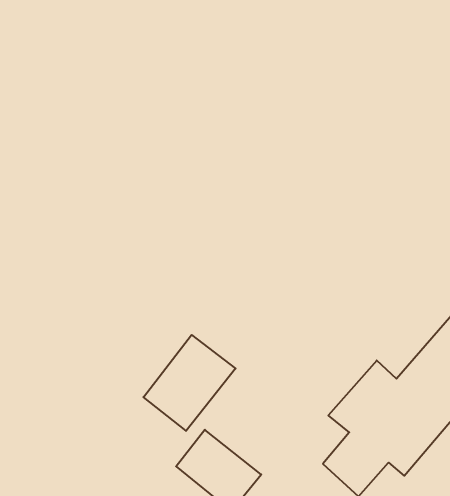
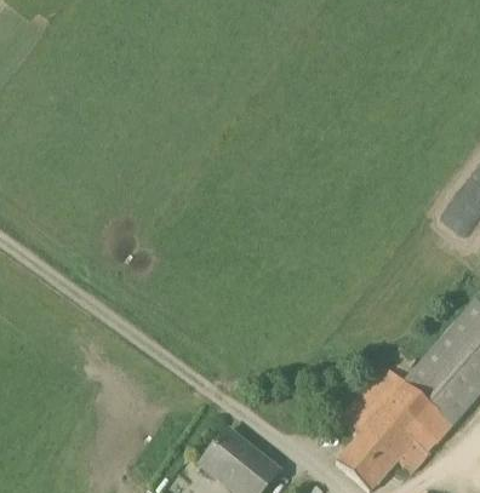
building: [143,335,236,431] -> none

